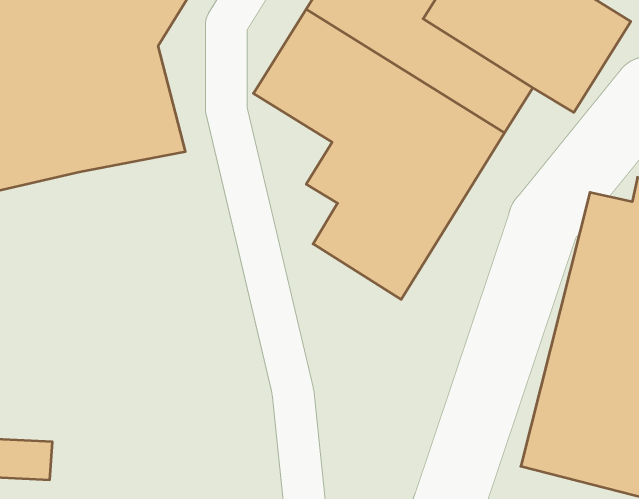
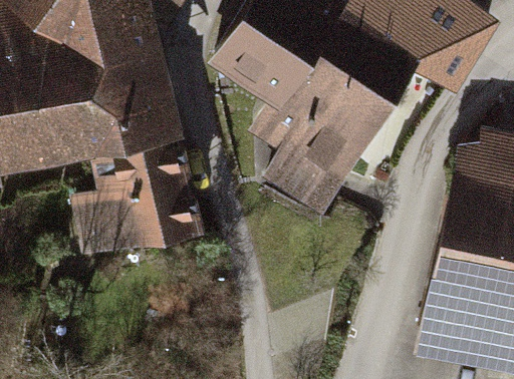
building: none -> [76,113,192,243]

